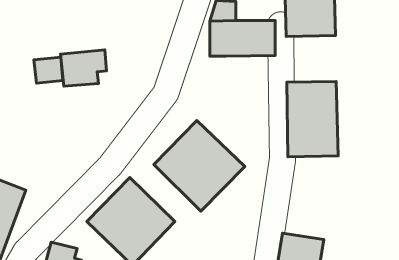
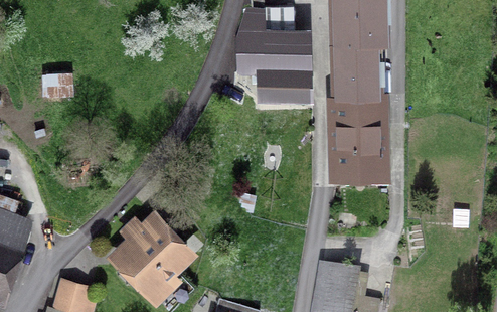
building: none -> [325,47,381,100]
building: [61,50,107,86] -> none
building: none -> [258,69,314,104]
building: [154,121,245,211] -> none

